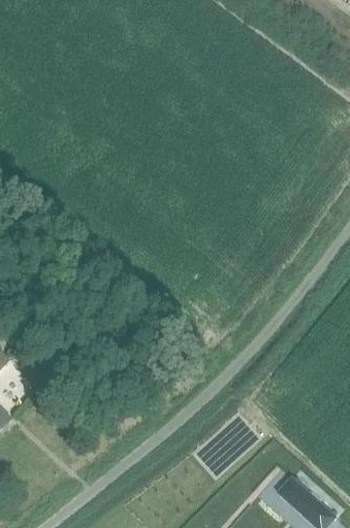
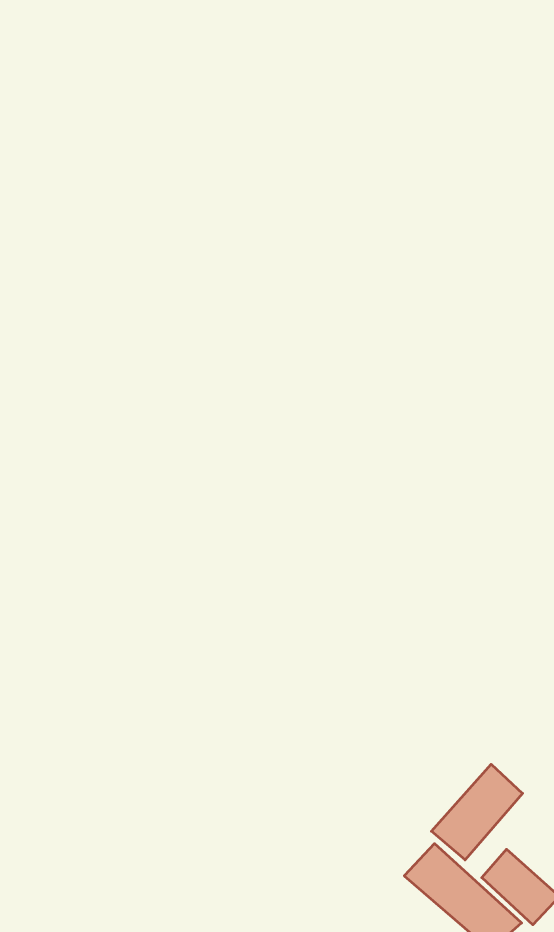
building: none -> [431,764,523,860]

